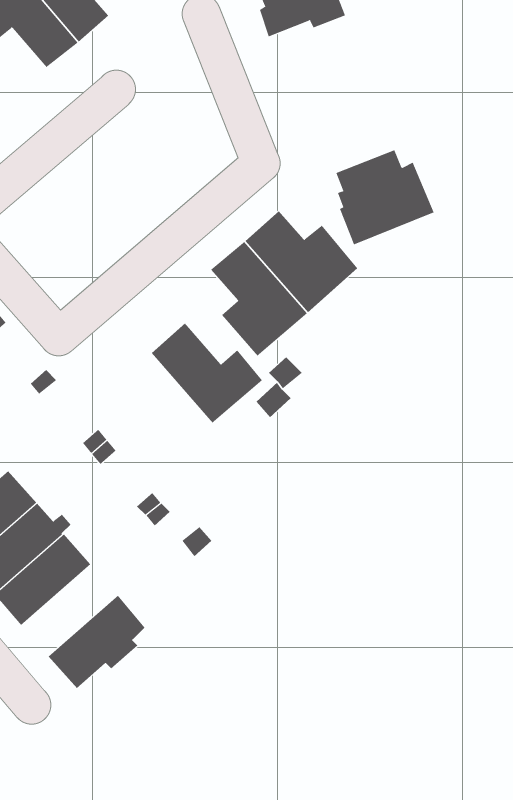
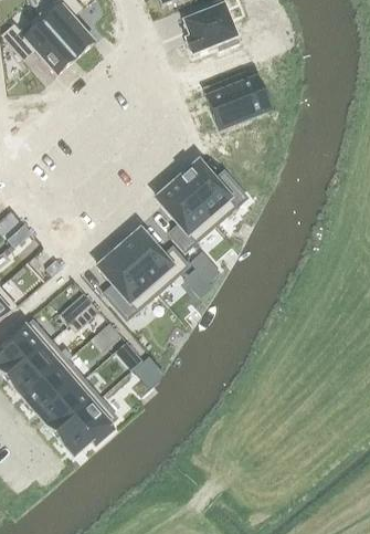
building: [335,149,435,245] -> [207,70,267,128]
building: none -> [97,248,156,318]
building: none -> [39,377,98,433]

